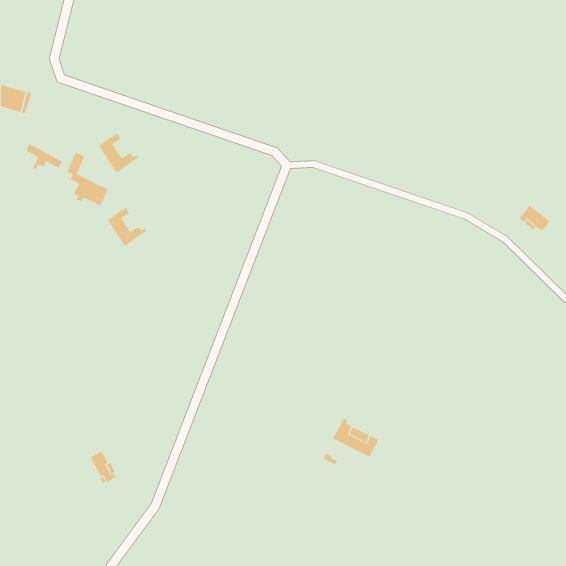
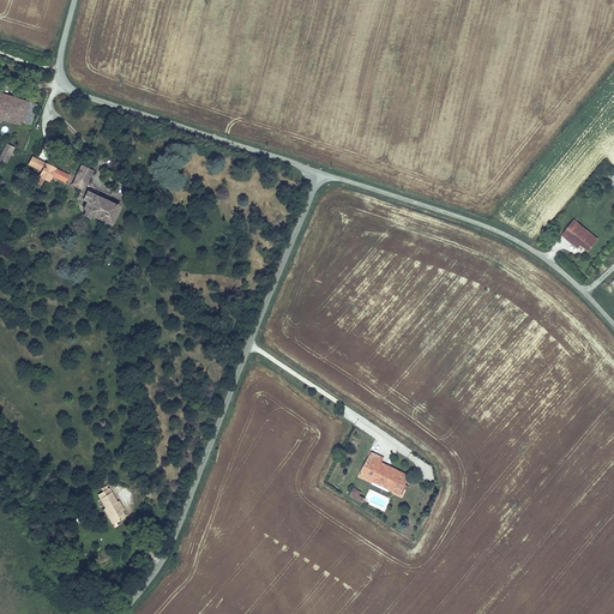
building: [98,133,139,173] -> none
building: [107,207,147,247] -> none

